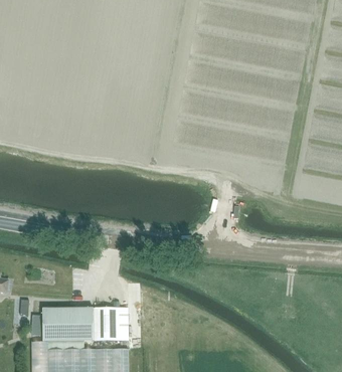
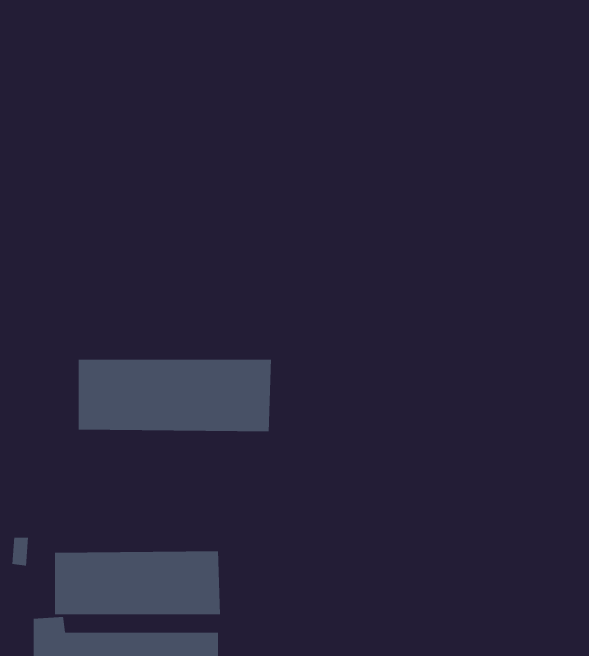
building: none -> [78,359,271,432]

